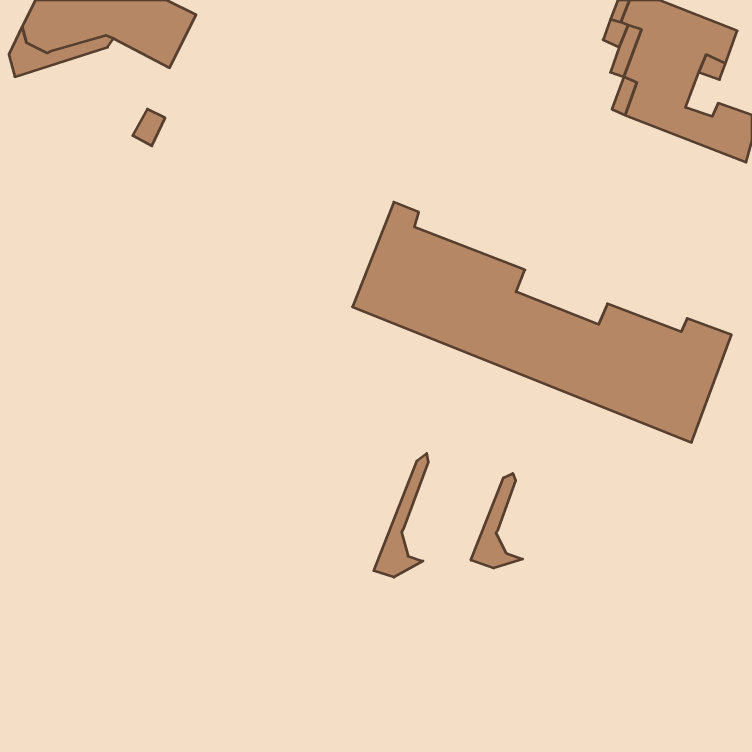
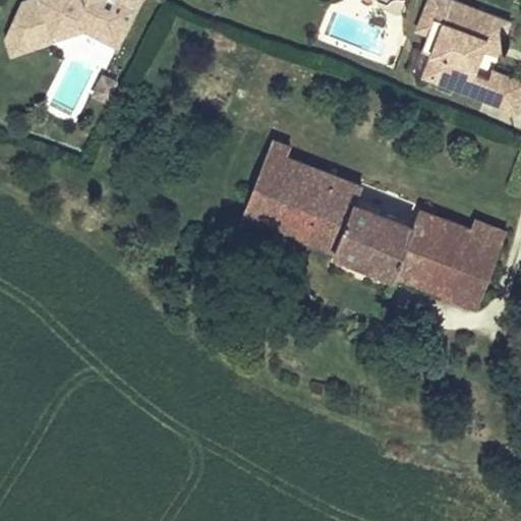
building: [374,453,428,577] -> none
building: [471,473,523,568] -> none

